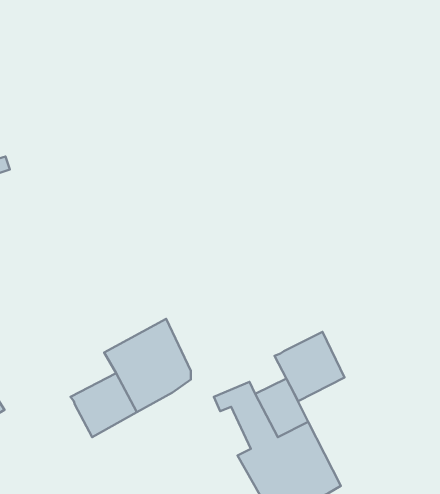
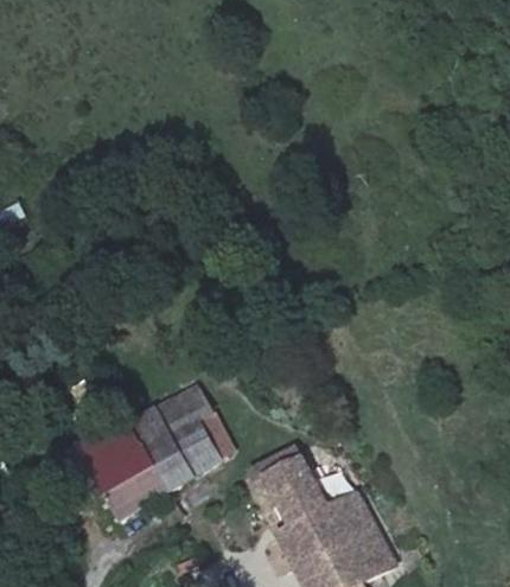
building: [275,332,345,401] -> none
building: none -> [68,423,144,485]

